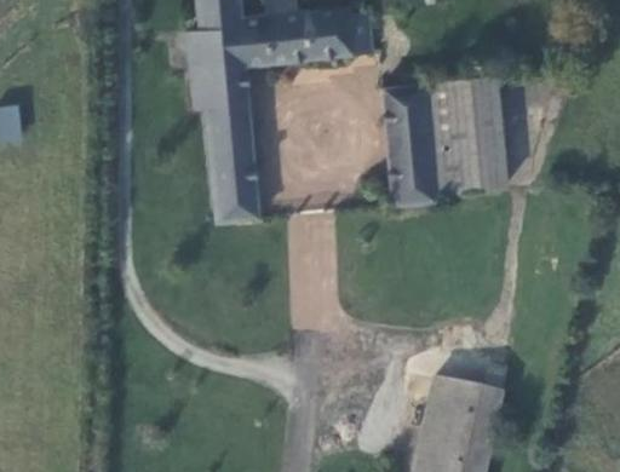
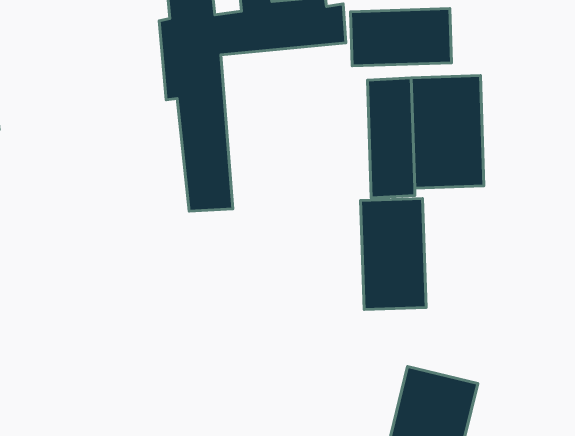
building: none -> [351,9,451,66]
building: none -> [361,198,426,309]

